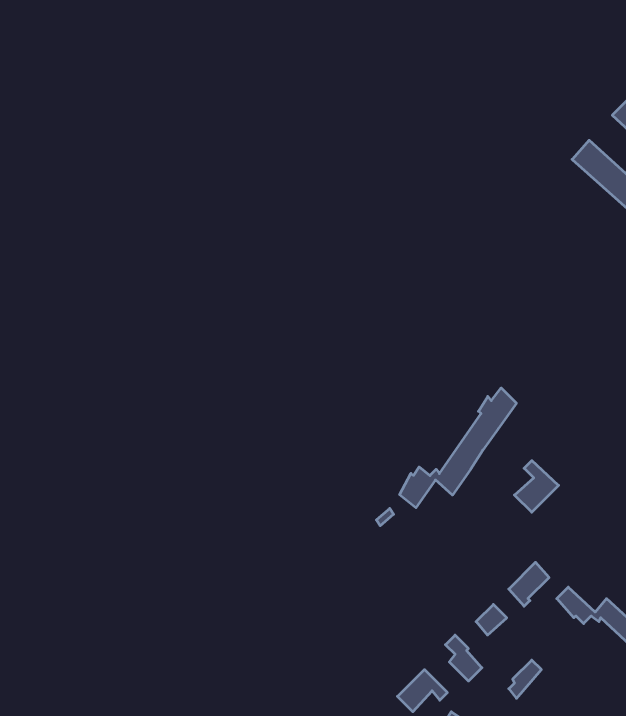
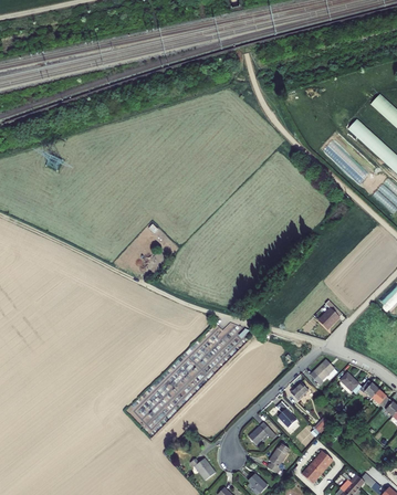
building: [400,388,516,508] -> none

